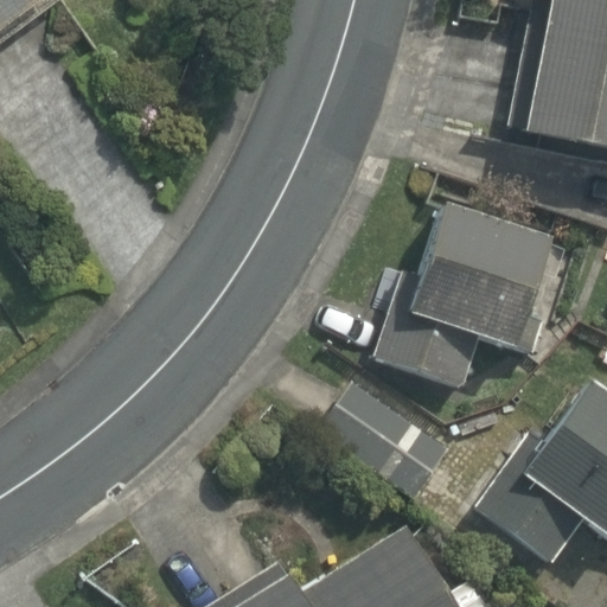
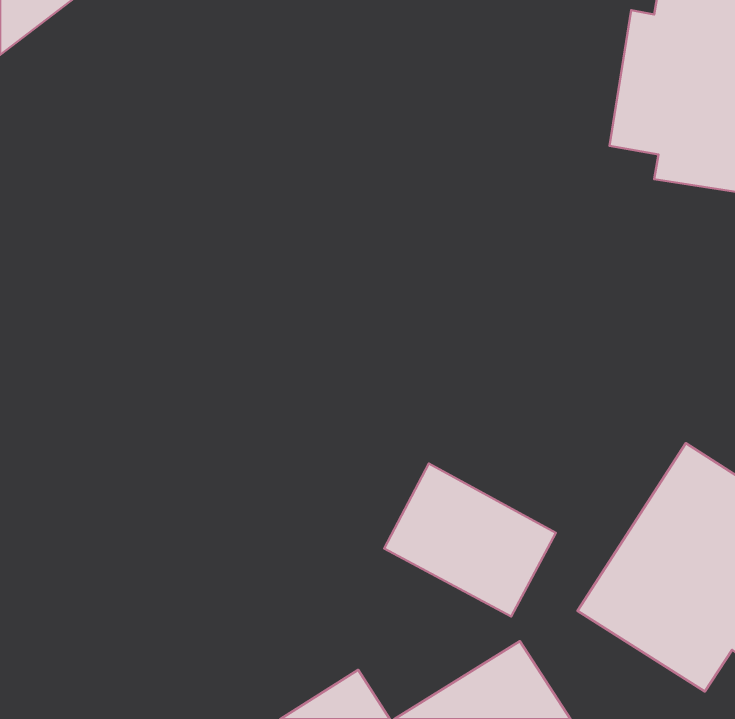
building: [369,211,567,397] -> none

